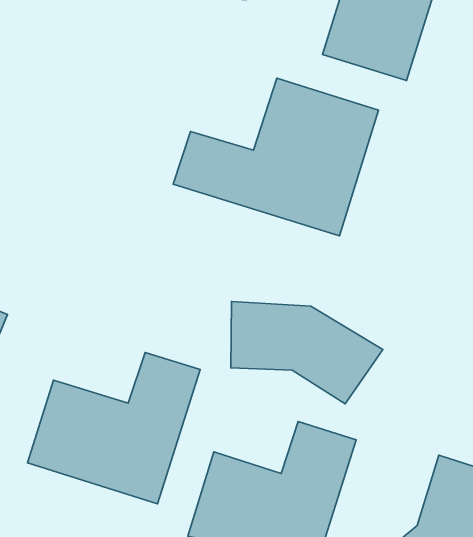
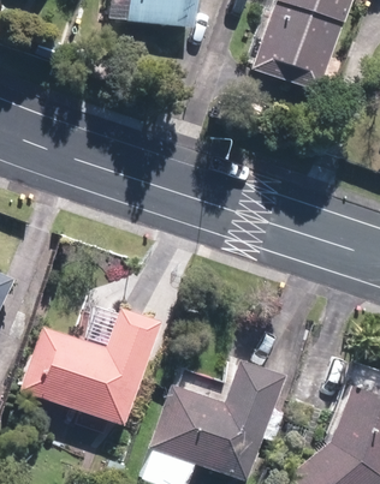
building: [173,78,379,236] -> none
building: [231,301,383,404] -> none

